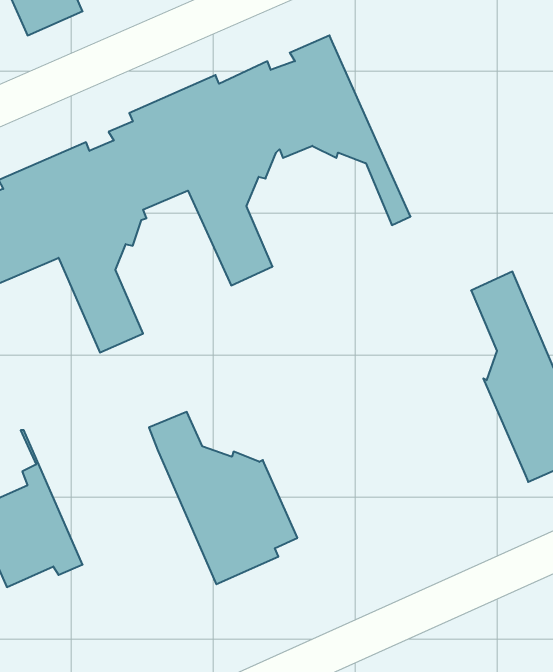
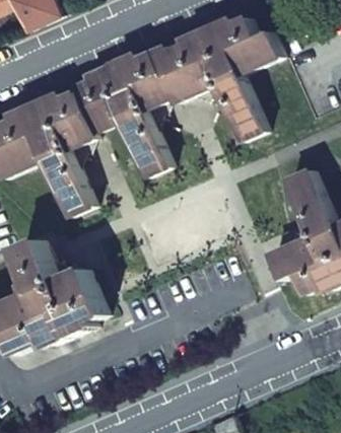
building: none -> [204,16,282,136]
building: none -> [270,230,319,293]
building: [149,412,297,584] -> [19,239,107,341]

